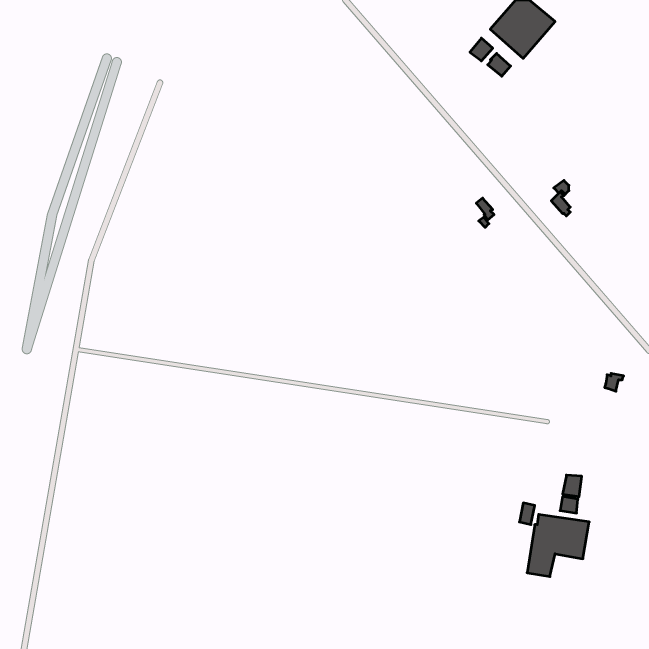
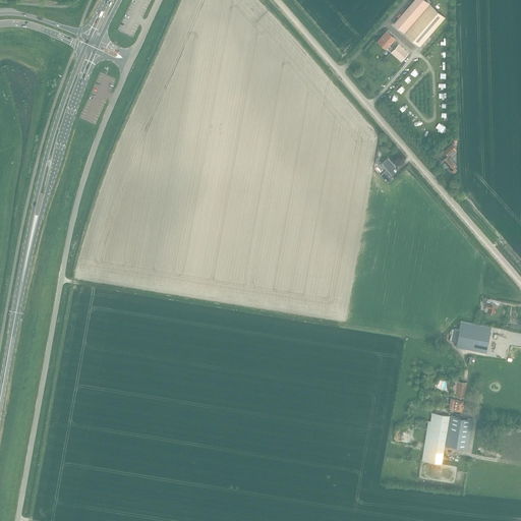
building: none -> [456,322,490,352]

